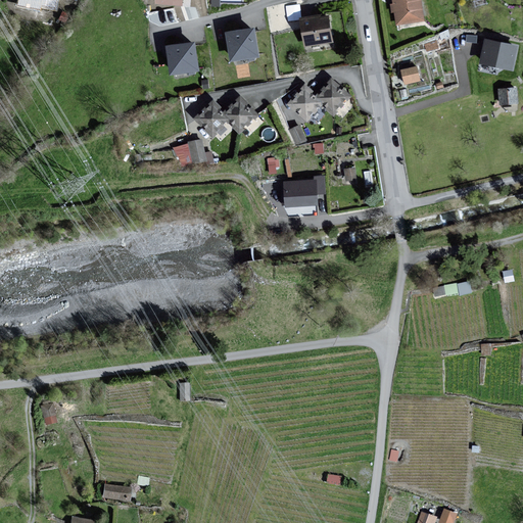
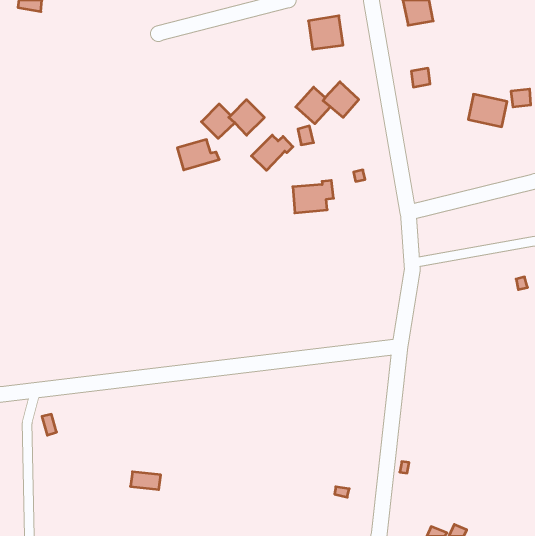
building: [226,29,258,61] -> none
building: [479,38,517,69] -> [468,94,507,127]
building: [165,42,198,75] -> none
building: none -> [251,135,293,170]
building: [102,485,132,503] -> [130,472,161,490]

